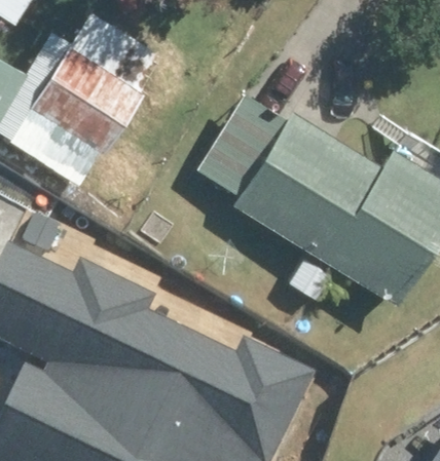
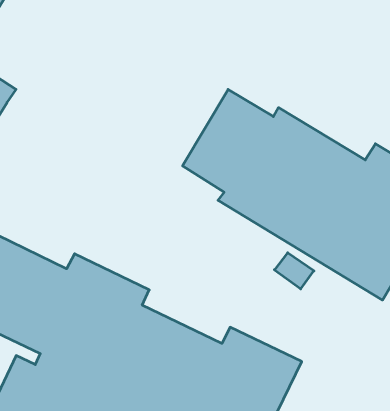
building: [15,10,164,169] -> none

